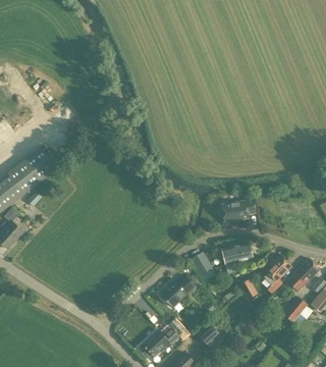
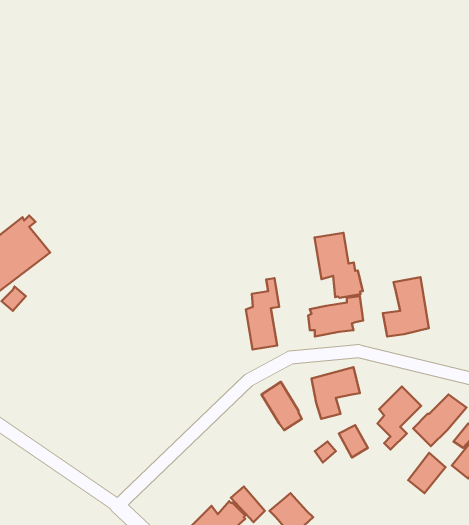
building: none -> [315,233,363,298]
building: none -> [383,277,429,336]
building: none -> [246,278,279,349]
building: [160,275,196,305] -> none

